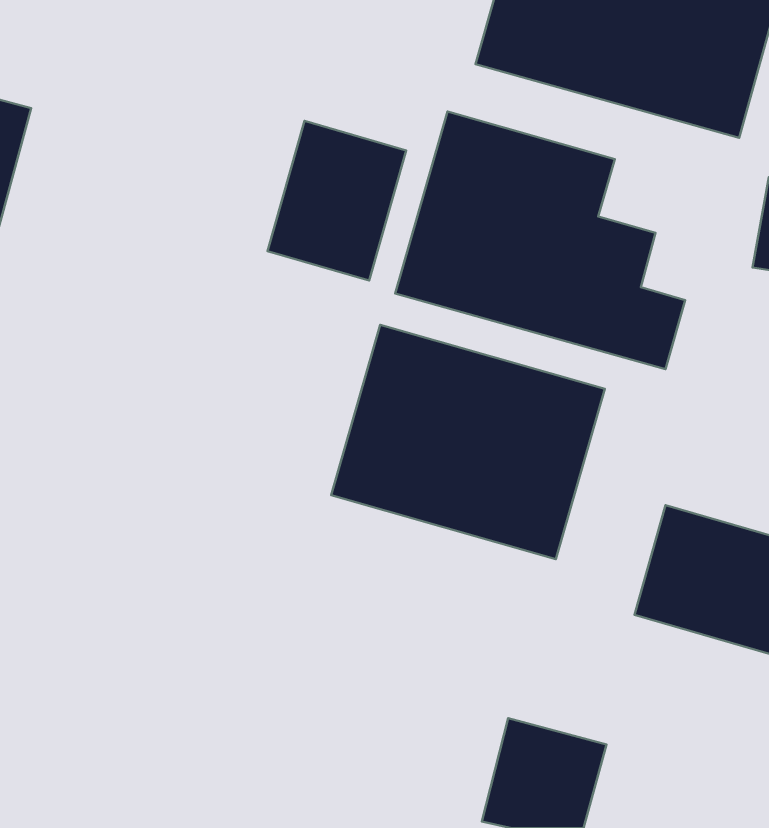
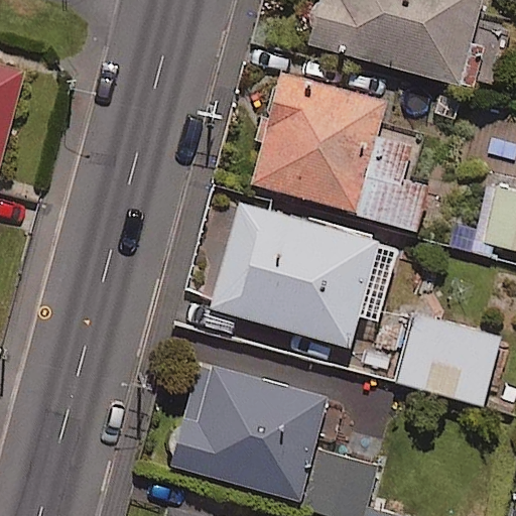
building: [268,121,406,281] -> none
building: none -> [170,365,328,500]

